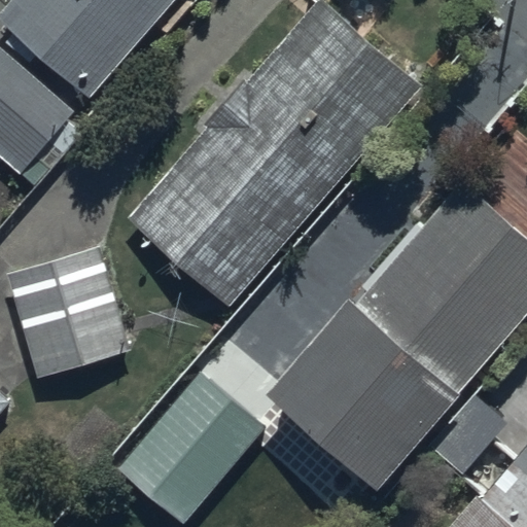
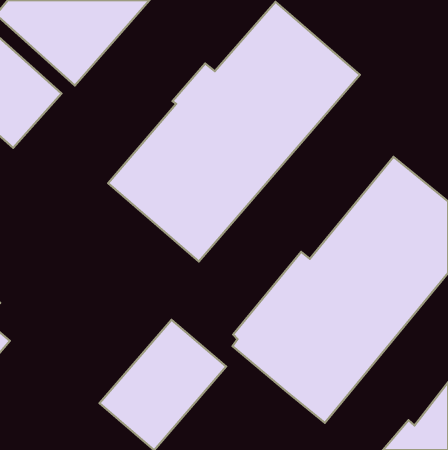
building: [7,247,128,378] -> none

